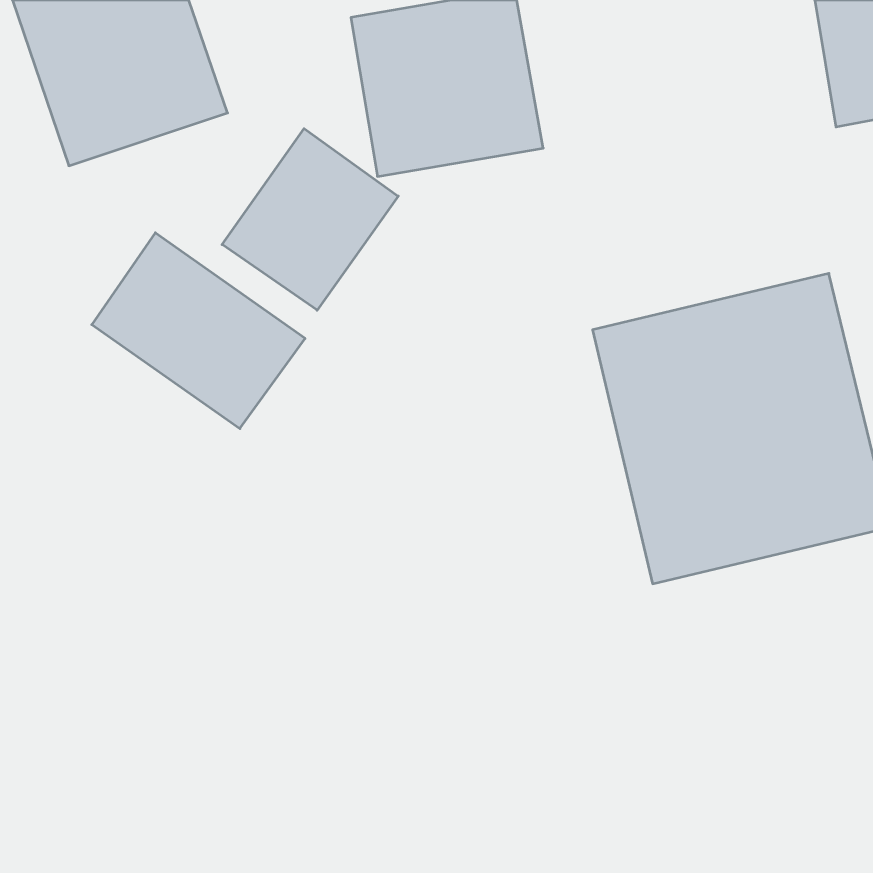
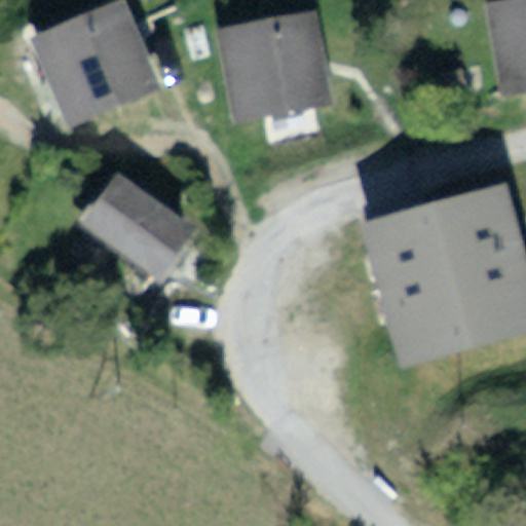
building: [222,129,398,310] -> none

